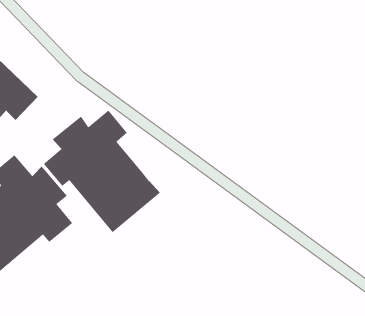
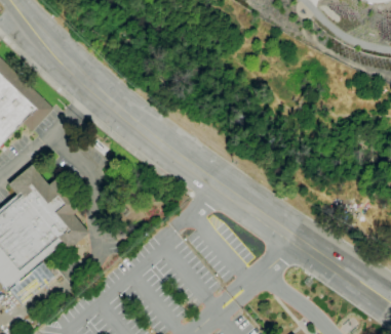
building: [43,110,161,233] -> none

